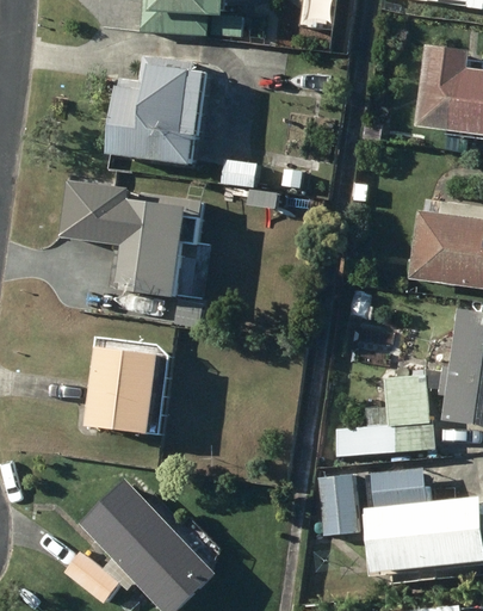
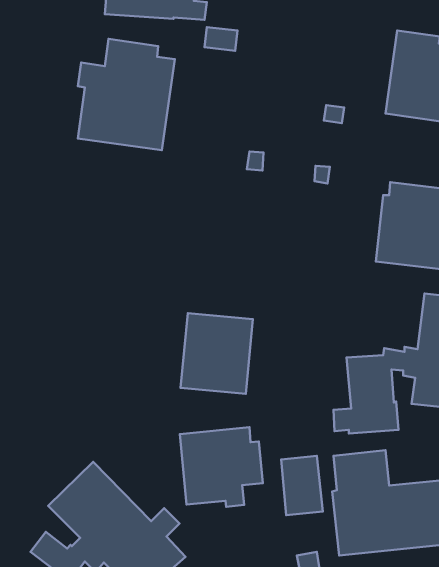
building: [80,191,194,294] -> none
building: [89,350,162,431] -> [181,313,253,394]
building: none -> [180,427,263,507]

